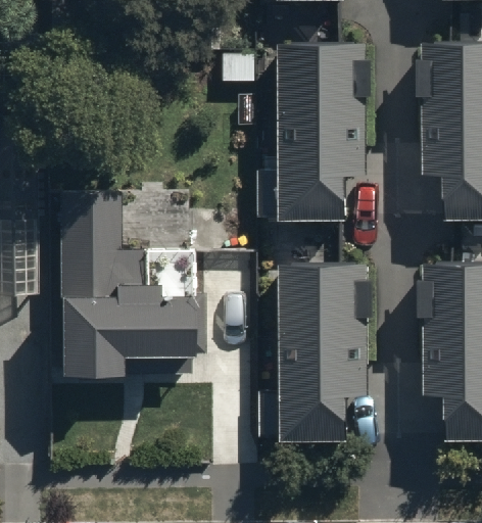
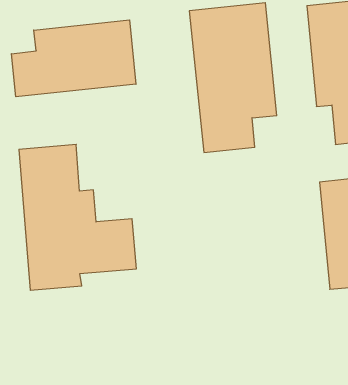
building: none -> [11,20,136,97]
building: [277,264,375,439] -> none

